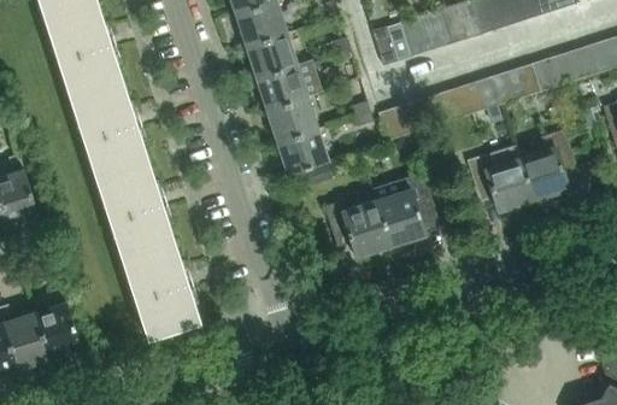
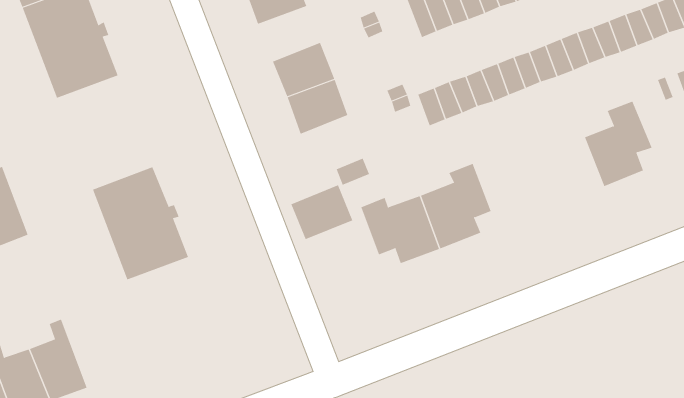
building: [245,33,298,78] -> none
building: [69,83,148,180] -> none
building: [276,128,329,174] -> [291,185,353,240]
building: [465,152,534,212] -> none
building: [121,242,201,341] -> none

